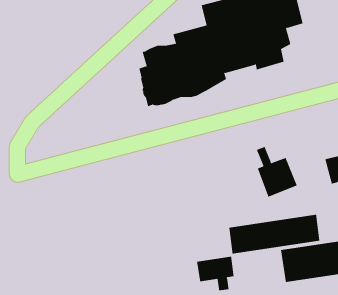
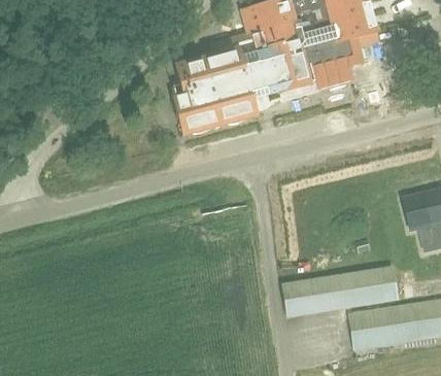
building: [256,146,297,197] -> none
building: [196,256,234,291] -> none

